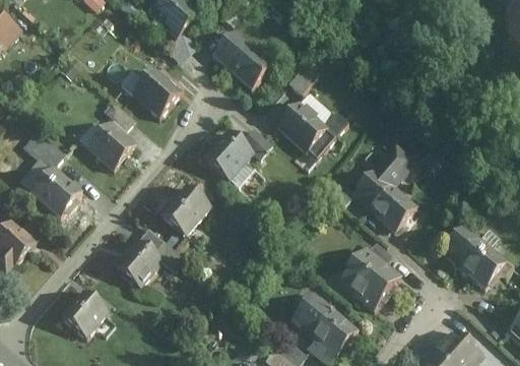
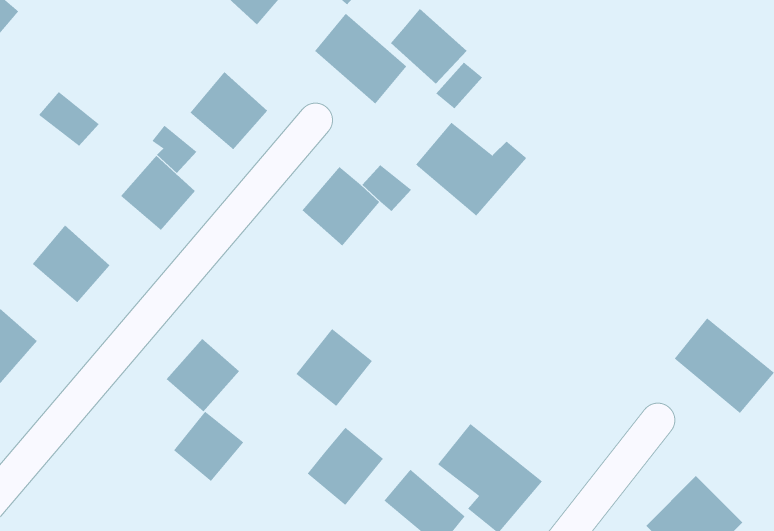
building: none -> [390,8,468,84]
building: [23,130,63,166] -> [38,91,100,146]
building: [352,146,419,232] -> none
building: [159,183,209,234] -> [296,328,373,407]
building: [336,244,400,311] -> none
building: [62,291,108,337] -> [173,411,244,482]
building: none -> [307,427,384,506]

